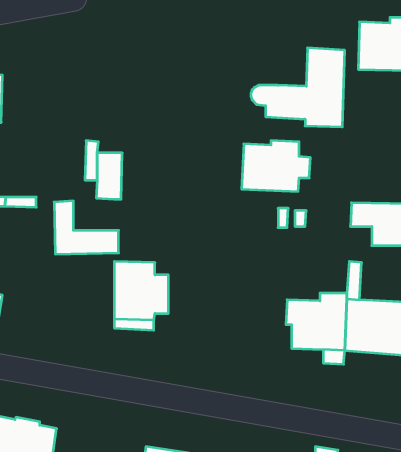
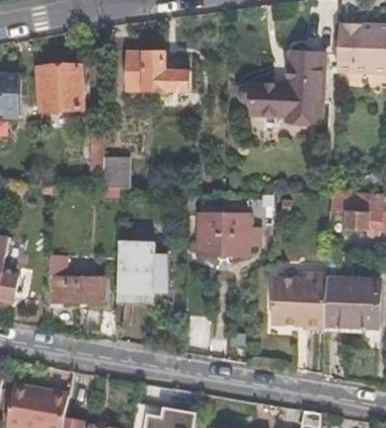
building: none -> [128,45,187,84]
building: none -> [36,64,83,111]
building: [242,141,310,191] -> [200,212,261,258]
building: [54,201,119,254] -> [50,255,107,302]

